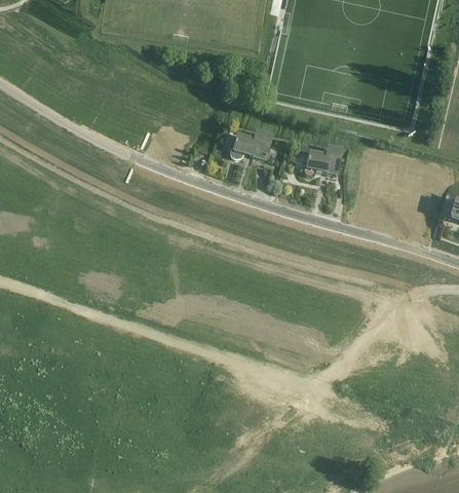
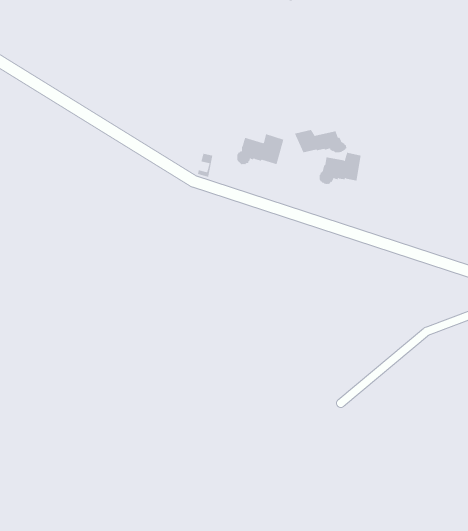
building: none -> [294,129,347,153]

